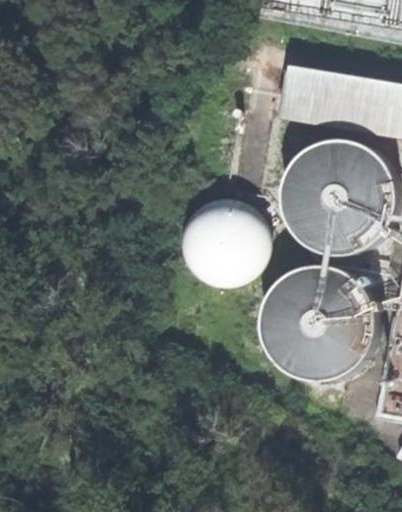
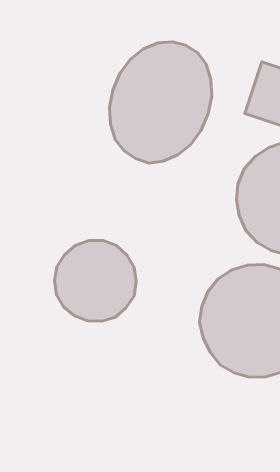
building: none -> [109,42,212,163]
building: [185,204,266,286] -> [55,240,136,321]

